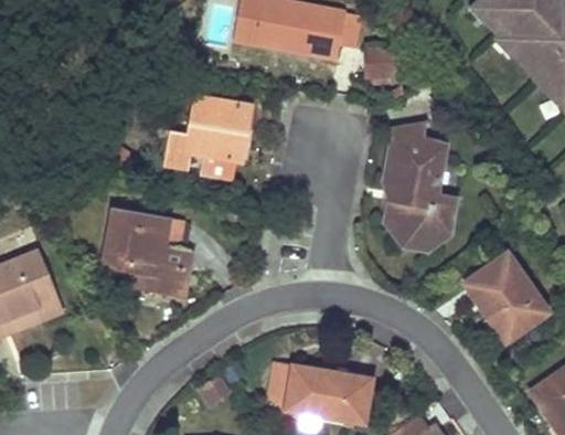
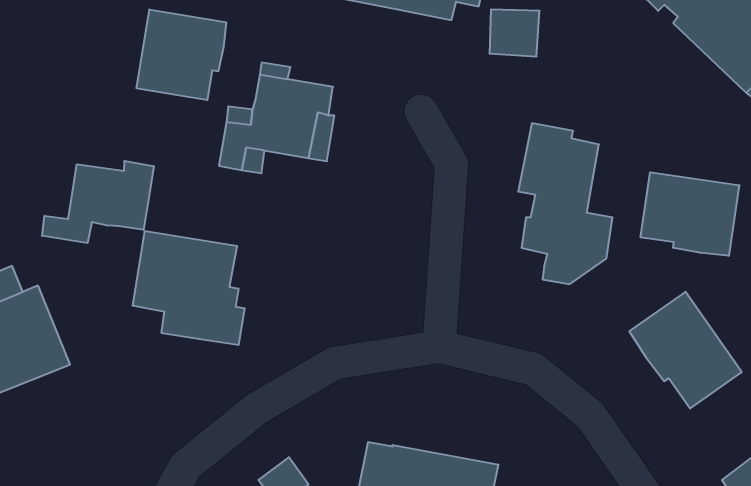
building: none -> [137,9,226,100]
building: none -> [42,161,154,243]
building: none -> [640,172,739,256]

